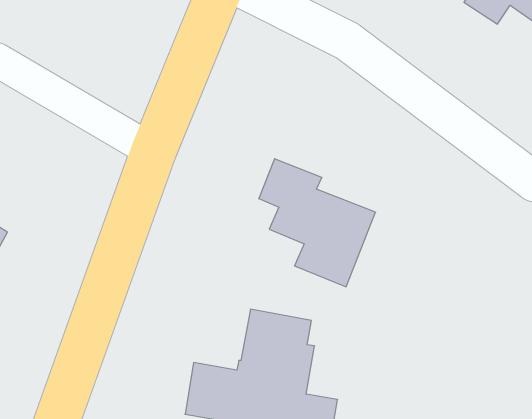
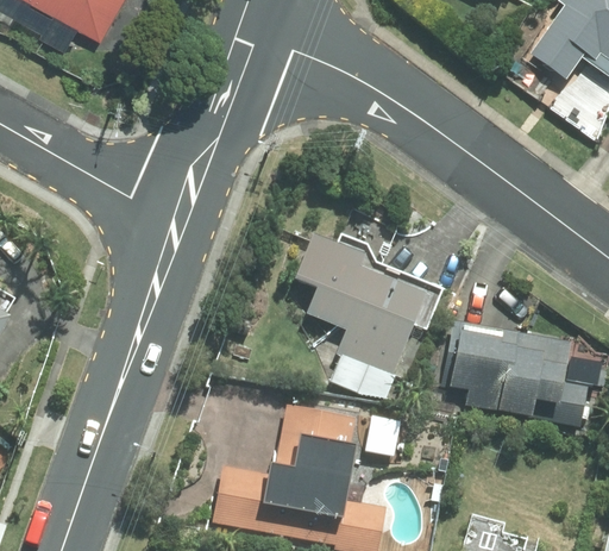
building: none -> [444,319,589,426]

